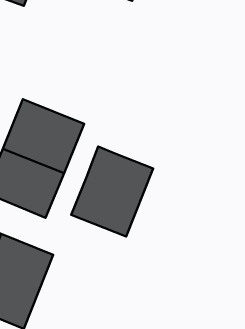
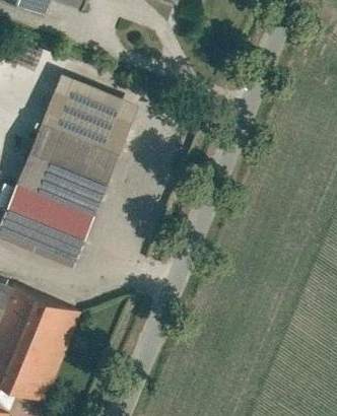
building: none -> [44,75,138,154]
building: [71,147,153,236] -> none

